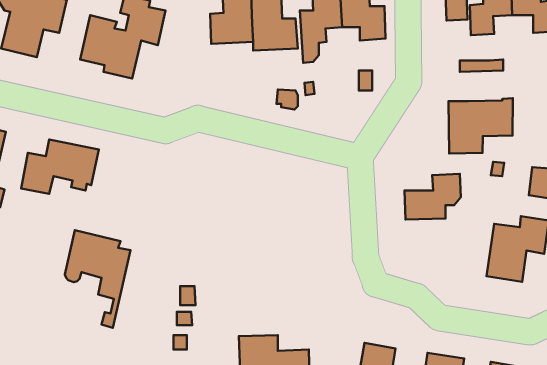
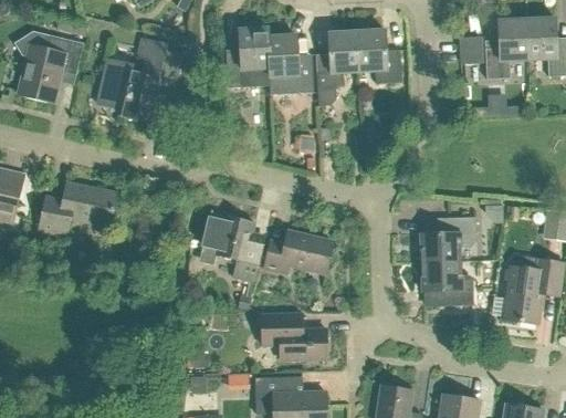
building: [449,98,513,154] -> none
building: none -> [263,230,333,272]
building: none -> [421,260,472,305]
building: [65,230,130,328] -> [200,211,265,309]
building: none -> [261,312,327,359]

